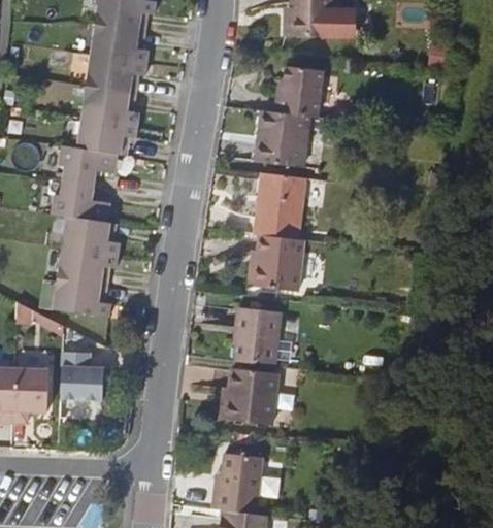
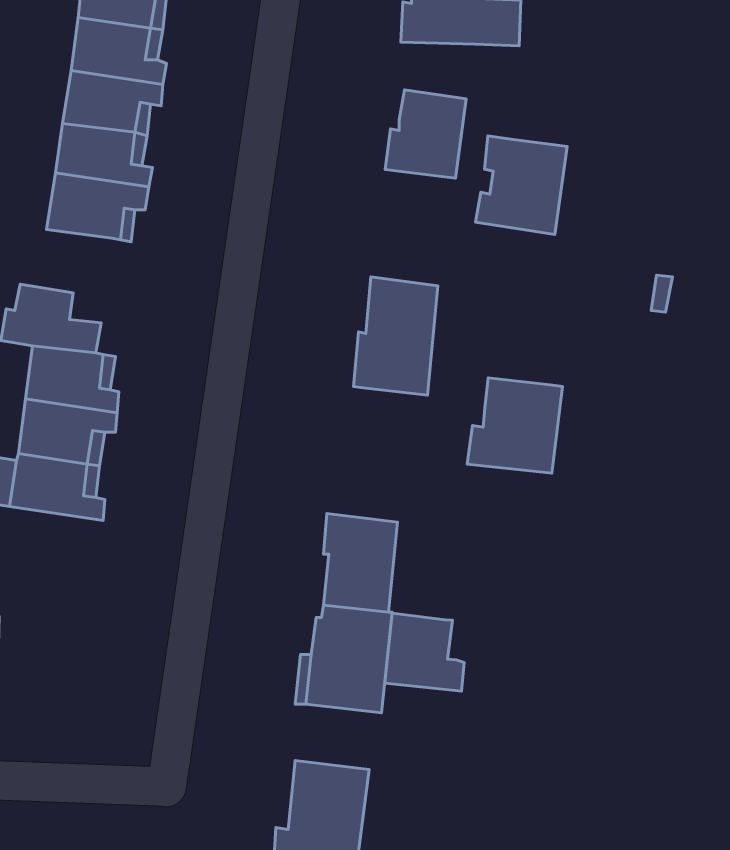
building: [254,106,307,164] -> [476,136,567,235]
building: [57,140,114,180] -> none
building: [251,236,306,292] -> [467,378,562,473]
building: [61,352,103,400] -> none
building: none -> [385,613,464,691]

